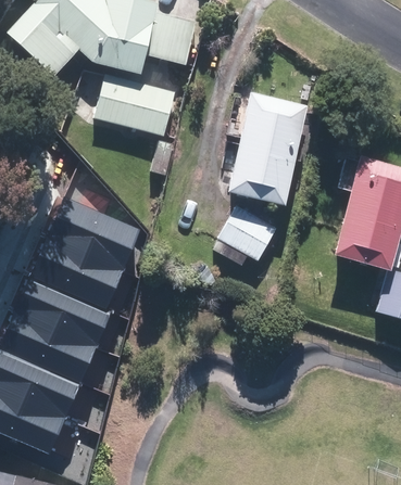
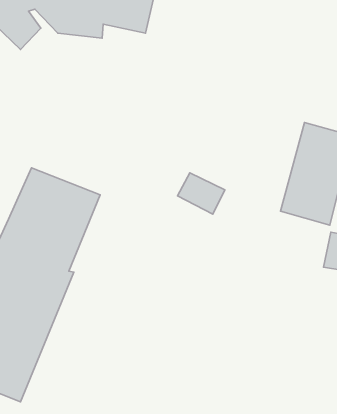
building: [98,78,172,132] -> none
building: [229,92,304,201] -> none

